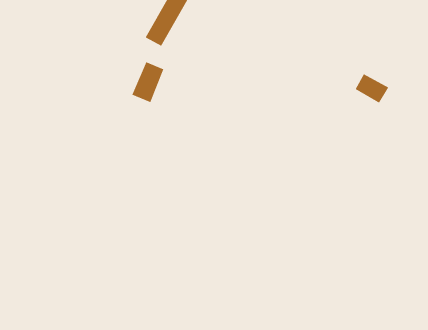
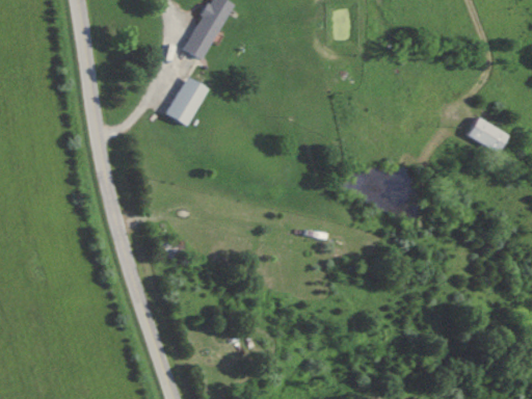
building: [355,73,389,103] -> [468,117,508,153]

